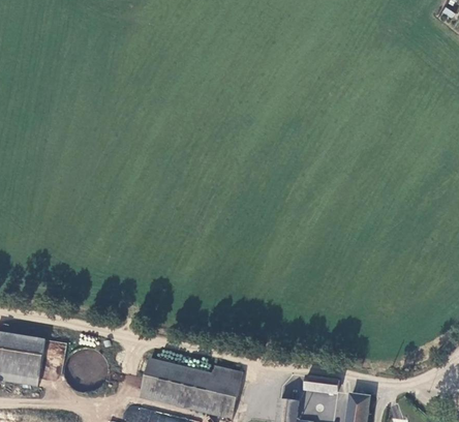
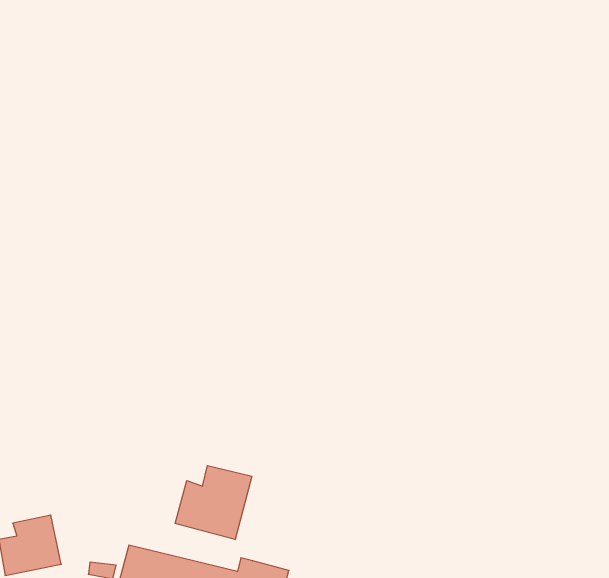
building: none -> [175,466,252,540]

